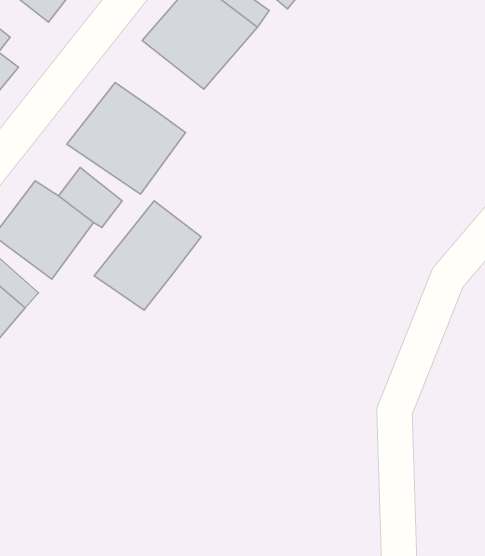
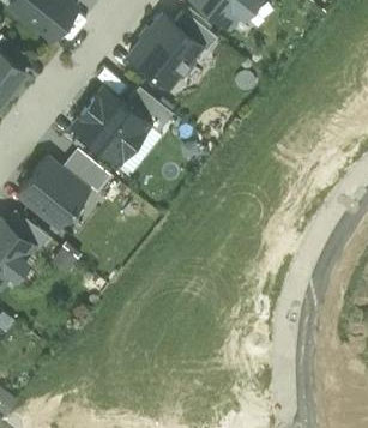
building: none -> [126,88,173,128]
building: [94,201,201,310] -> none

